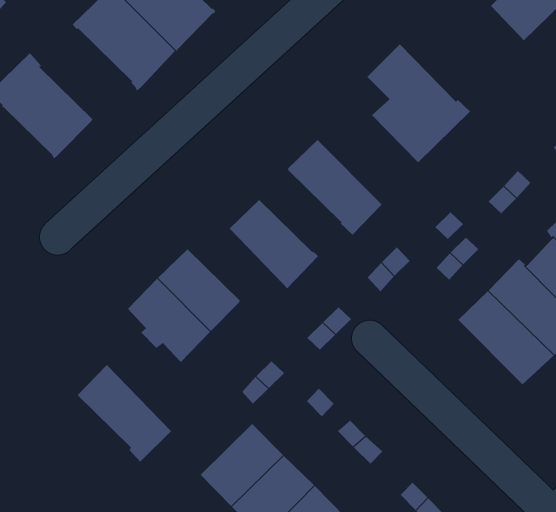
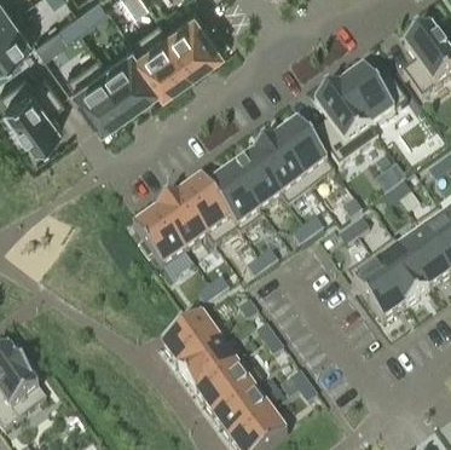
building: none -> [340,67,407,127]
building: none -> [103,39,161,99]
building: none -> [276,120,335,186]
building: none -> [231,154,282,209]
building: [77,364,172,463] -> [179,177,237,244]

